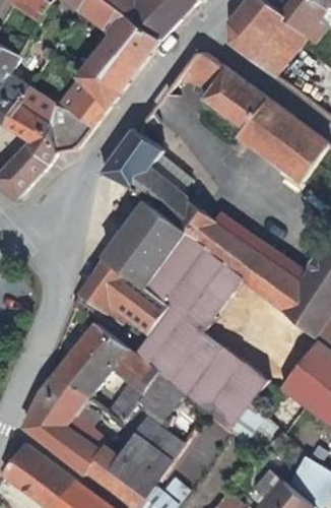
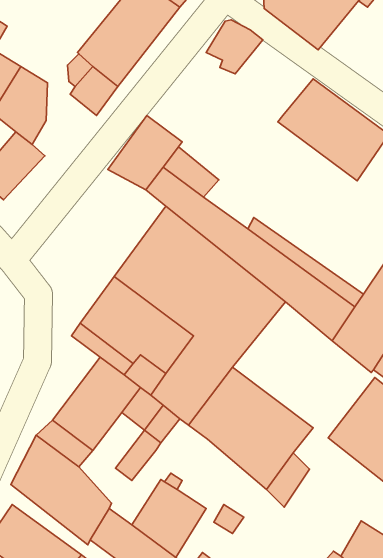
building: [203,67,267,128] -> none
building: [41,102,92,161] -> none
building: [140,373,182,416] -> none

